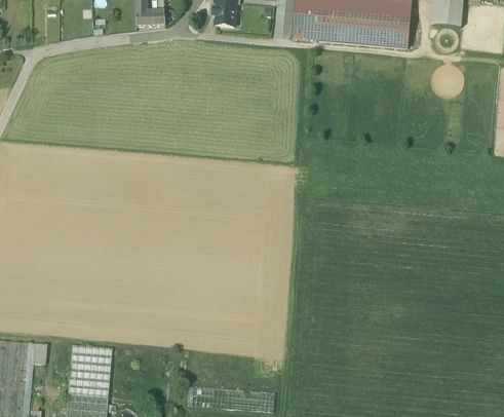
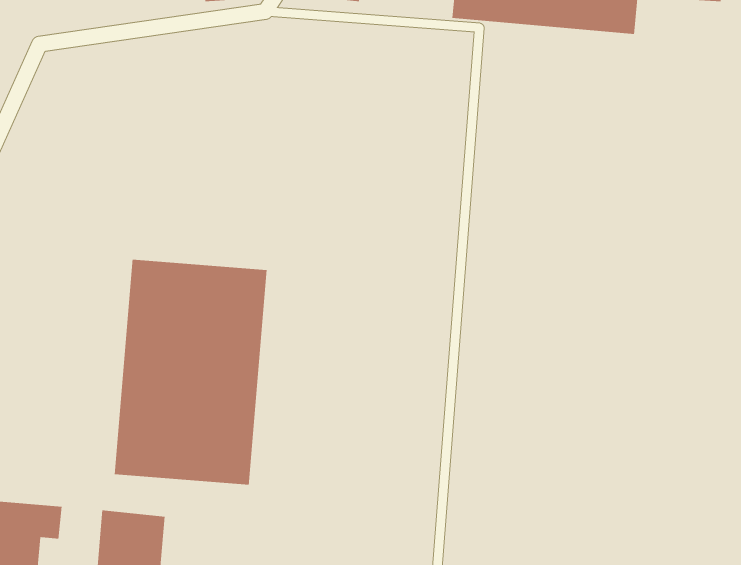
building: none -> [114,259,267,486]

